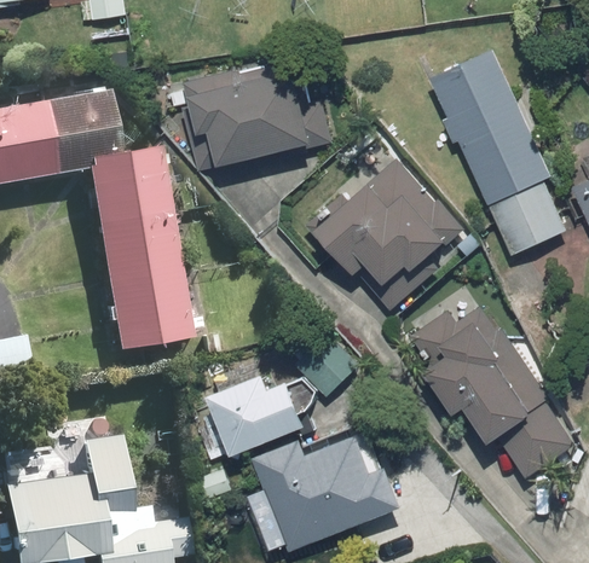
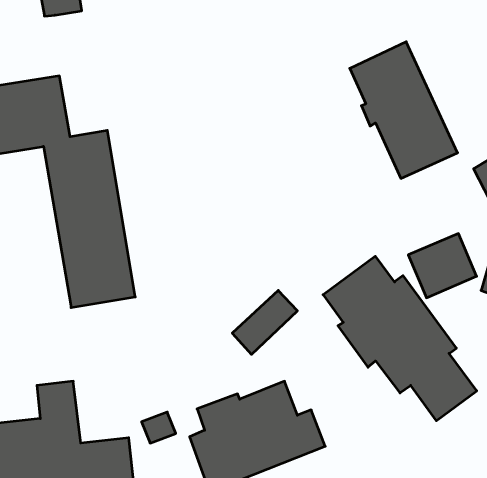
building: [183,60,331,163] -> none
building: [312,156,461,288] -> none
building: [491,184,568,256] -> [408,234,477,298]
building: [204,368,304,458] -> none

